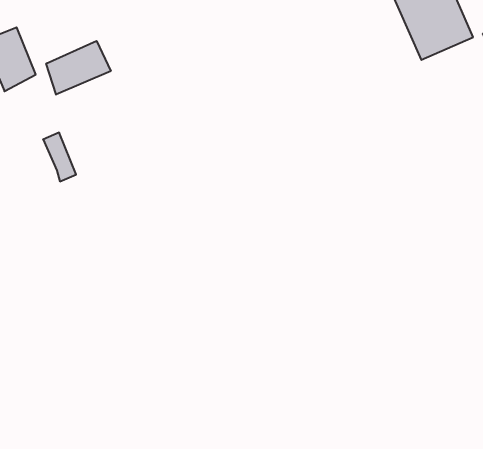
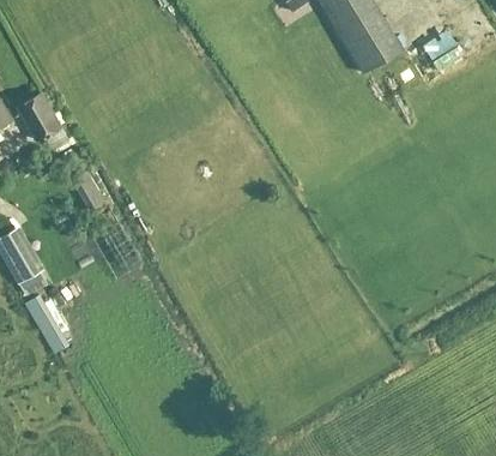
building: [46,41,111,95] -> none

